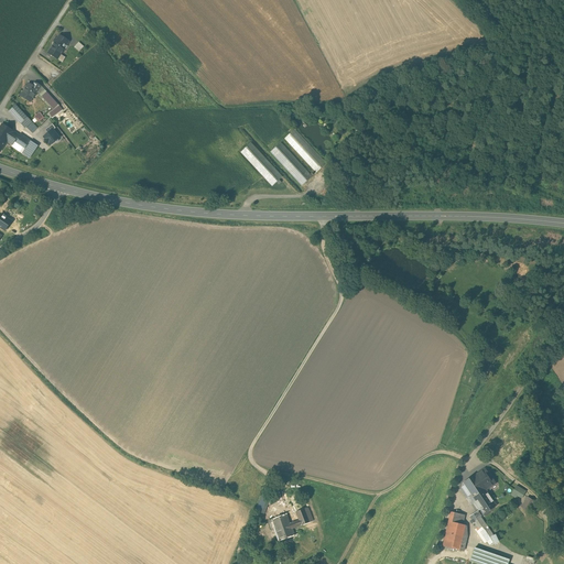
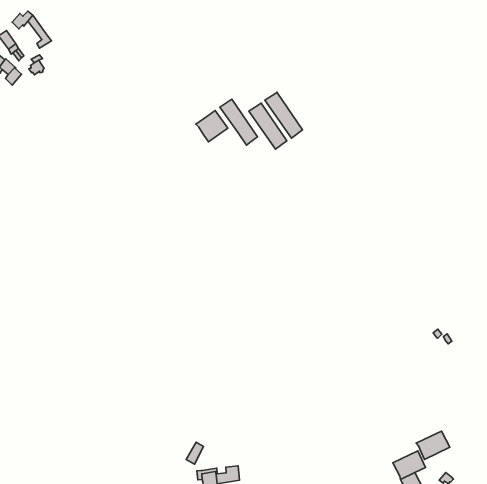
building: none -> [196,111,228,142]
building: none -> [416,431,450,459]

